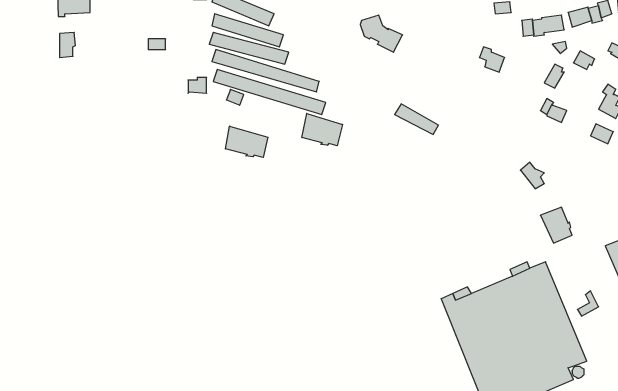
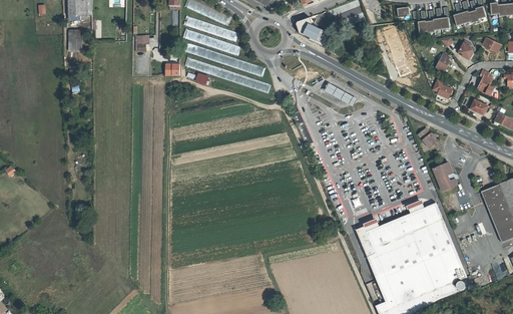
building: [302,113,343,146] -> none
building: [225,126,268,157] -> none

